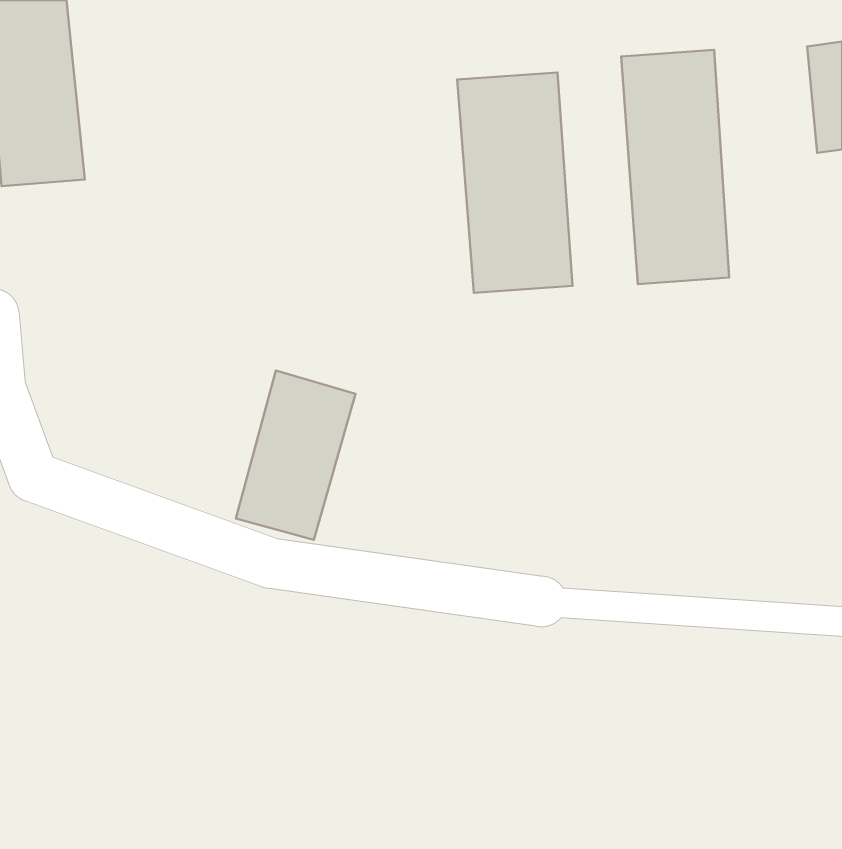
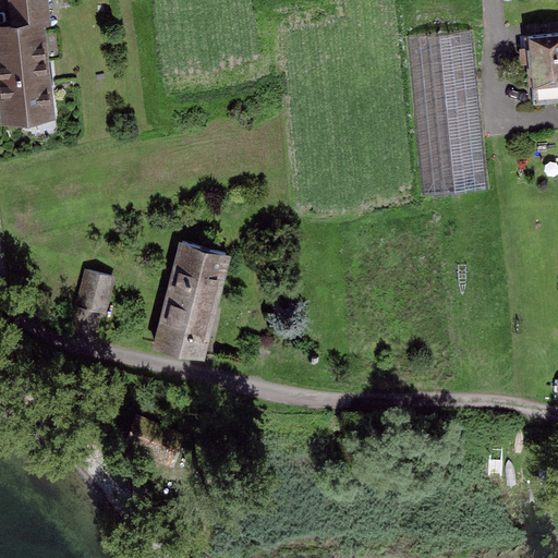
building: [457,72,572,293] -> none
building: none -> [78,270,111,313]

